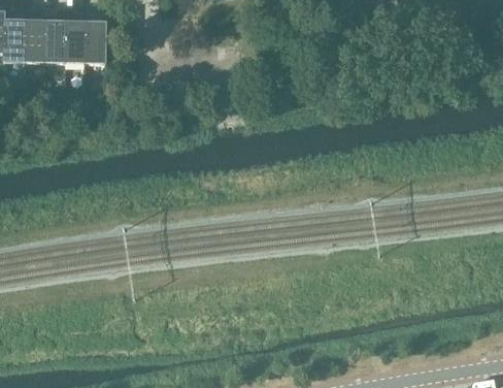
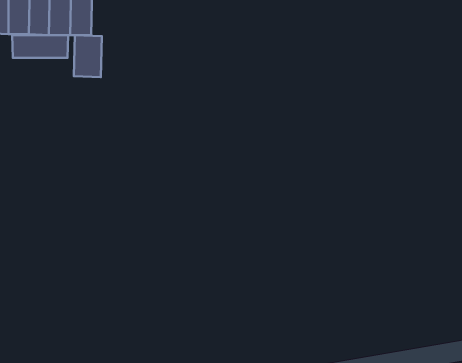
building: none -> [12,35,68,58]
building: none -> [74,35,102,77]

